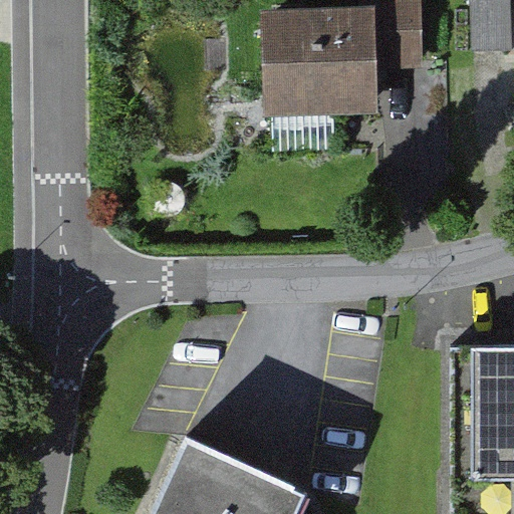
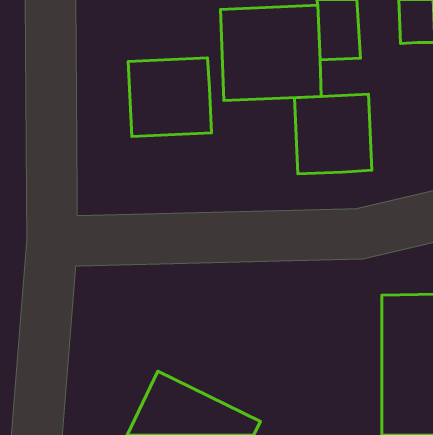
building: none -> [128,58,211,136]
building: none -> [295,94,372,174]

